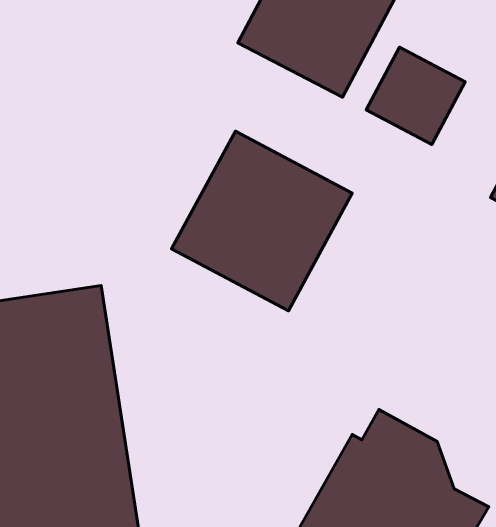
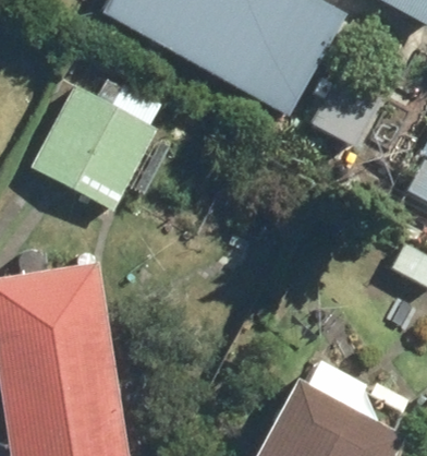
building: none -> [33,84,162,211]
building: [172,131,352,311] -> none

